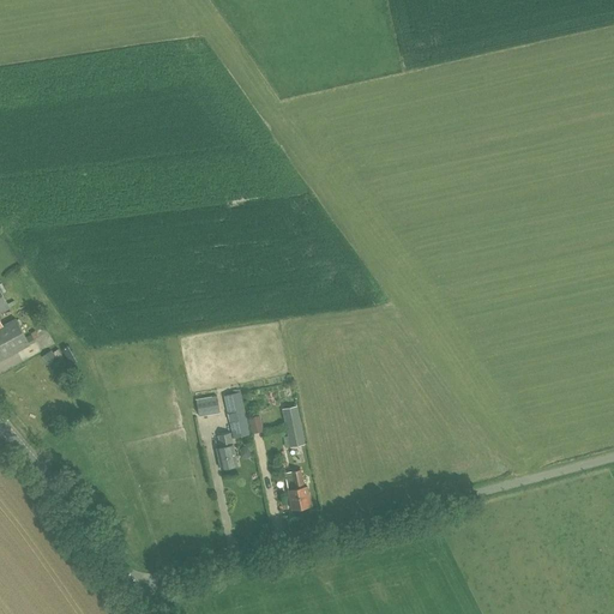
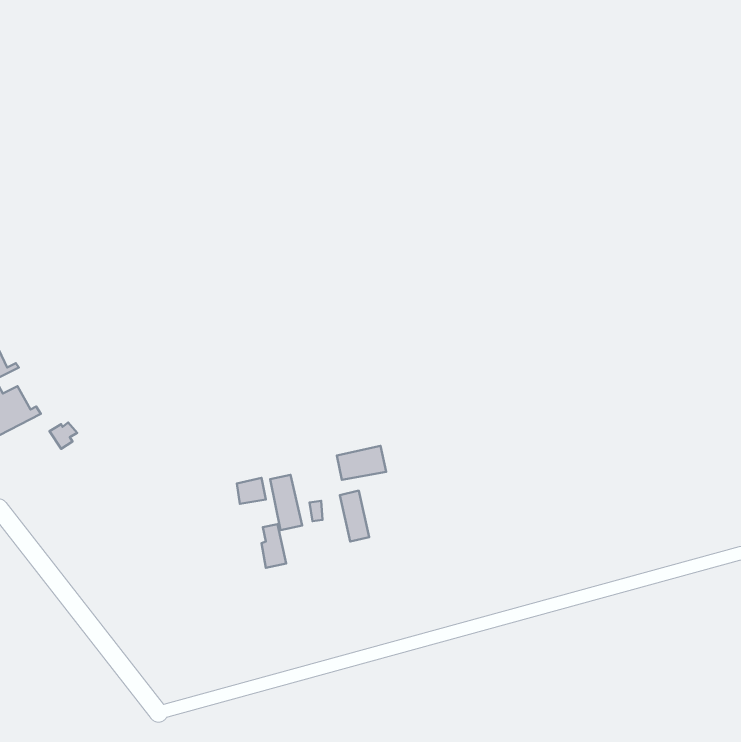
building: none -> [337,446,386,480]
building: [284,469,309,510] -> none

